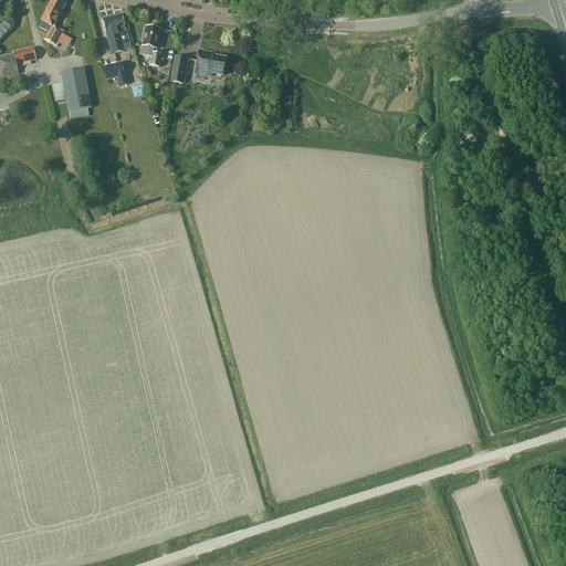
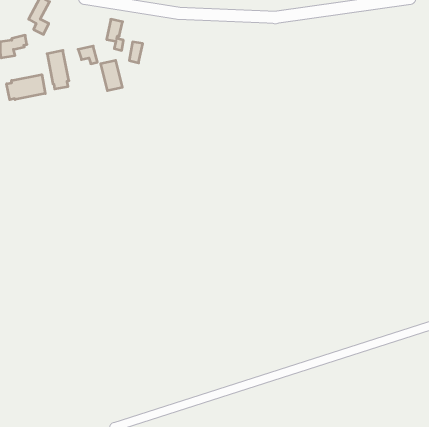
building: [103,13,132,53] -> [101,60,122,91]
building: [195,50,226,75] -> none
building: none -> [7,75,45,100]

